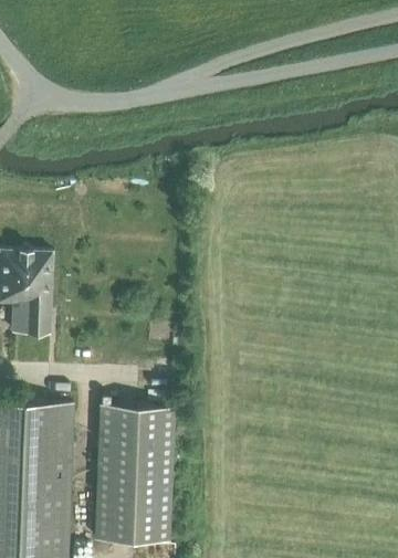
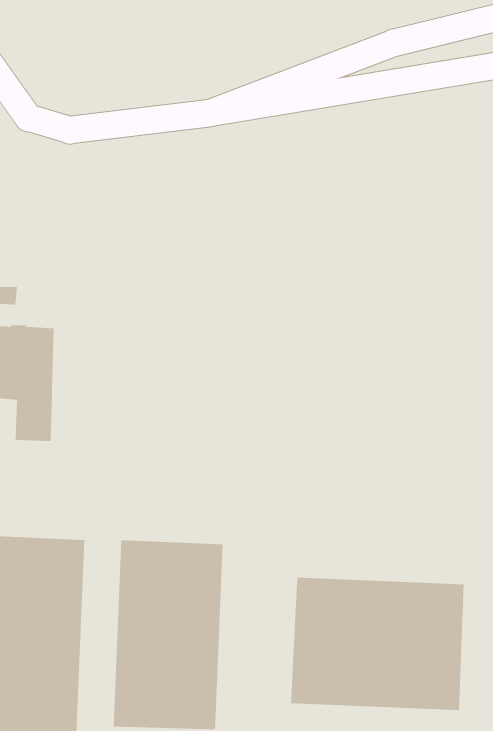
building: none -> [290,577,464,711]

